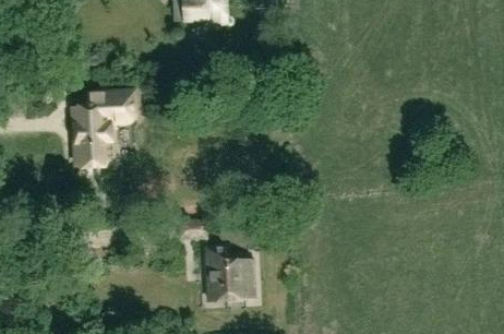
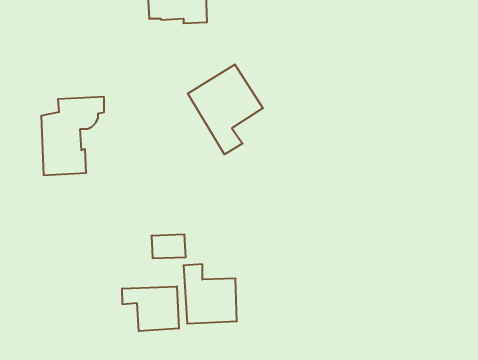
building: none -> [188,64,263,154]
building: none -> [122,286,179,331]

